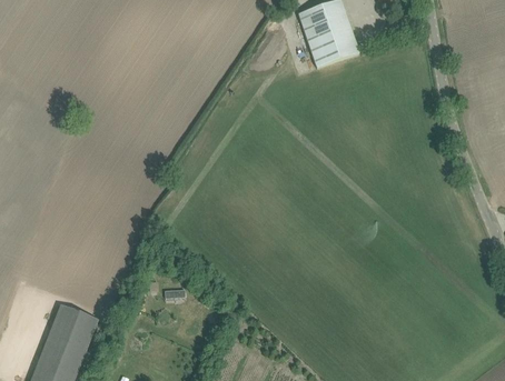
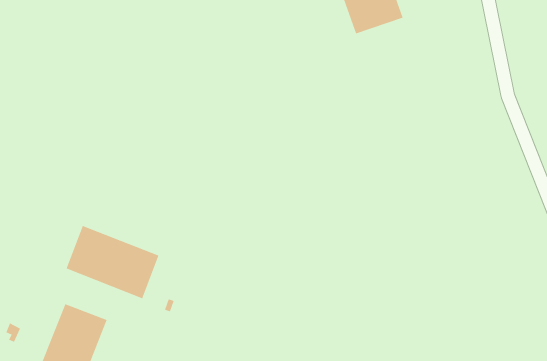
building: none -> [66,225,159,299]

